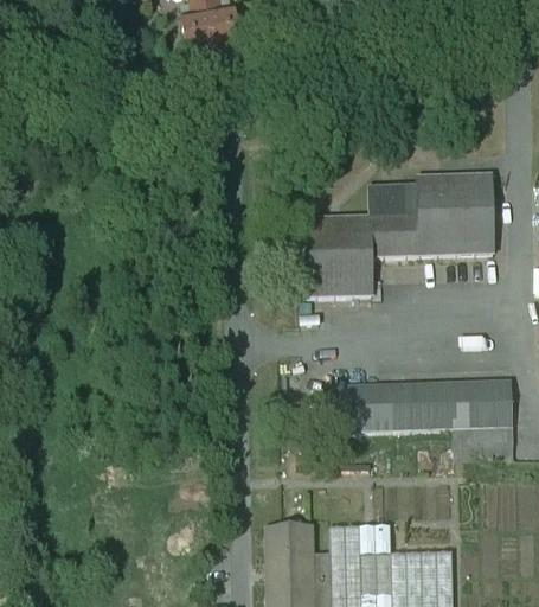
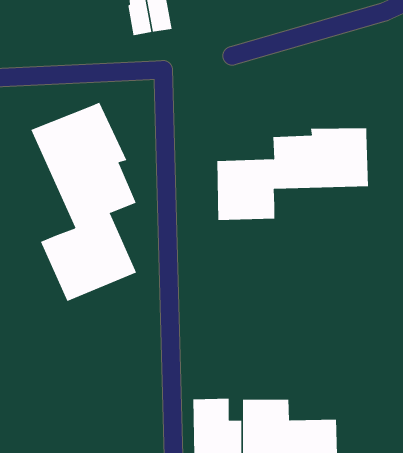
building: none -> [30,102,137,302]
building: [340,379,512,456] -> none

